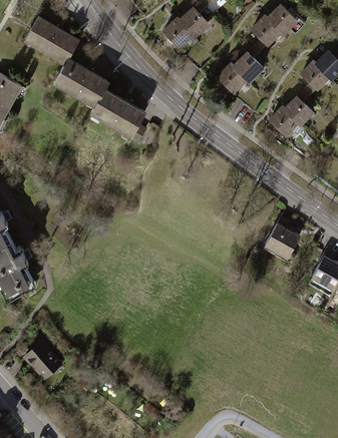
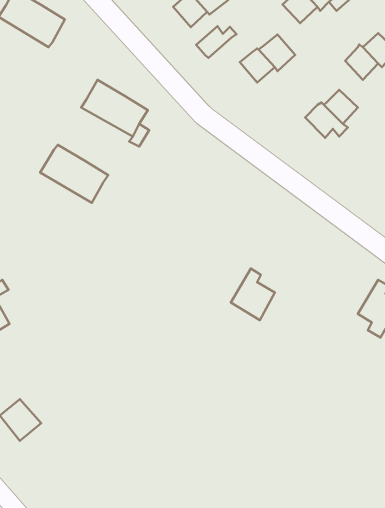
building: none -> [196,26,236,58]
building: [54,58,108,104] -> [40,145,108,203]
building: [265,215,300,257] -> [231,268,275,320]

